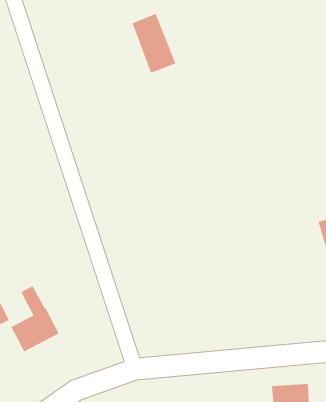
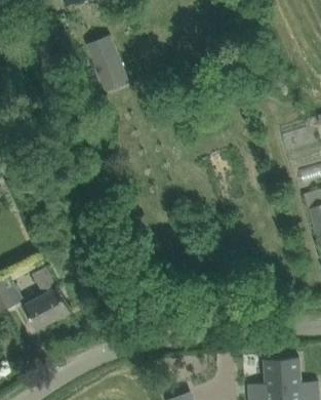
building: [132,13,176,73] -> [87,36,128,91]

